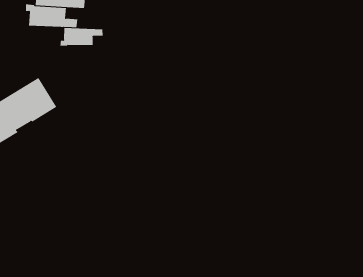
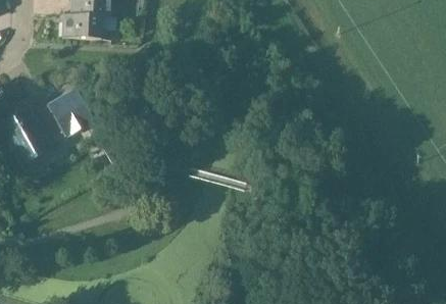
building: [60,27,103,47] -> none

